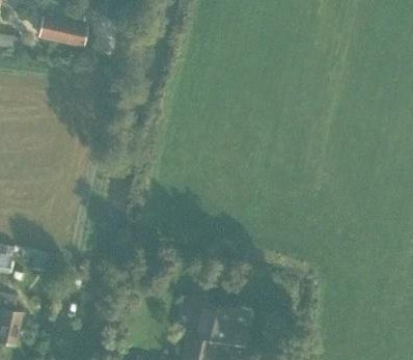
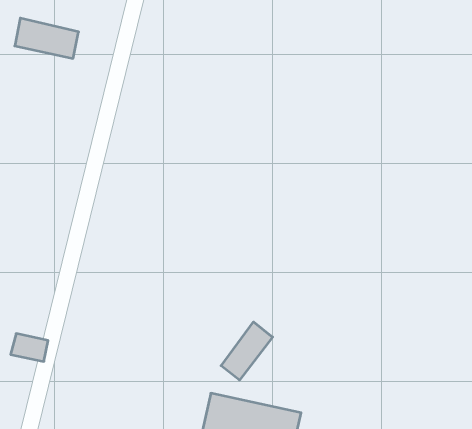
building: none -> [221,322,273,380]

